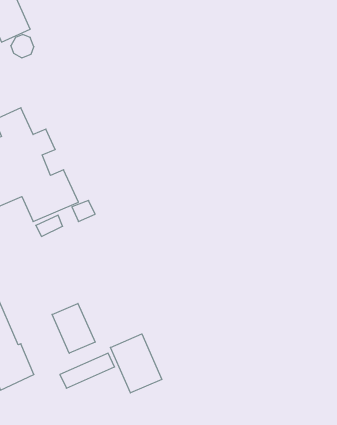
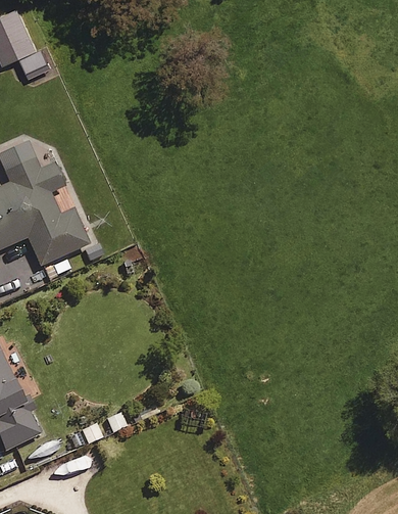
building: [52,303,95,353] -> none
building: [110,334,162,393] -> none

